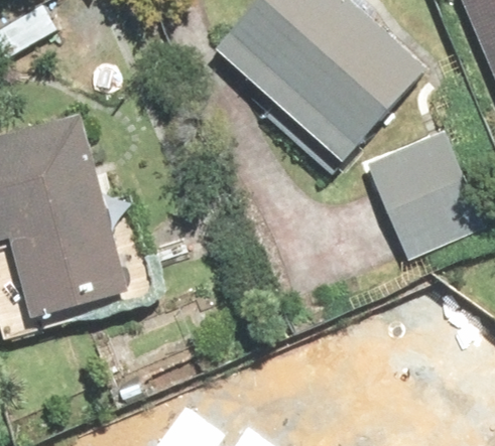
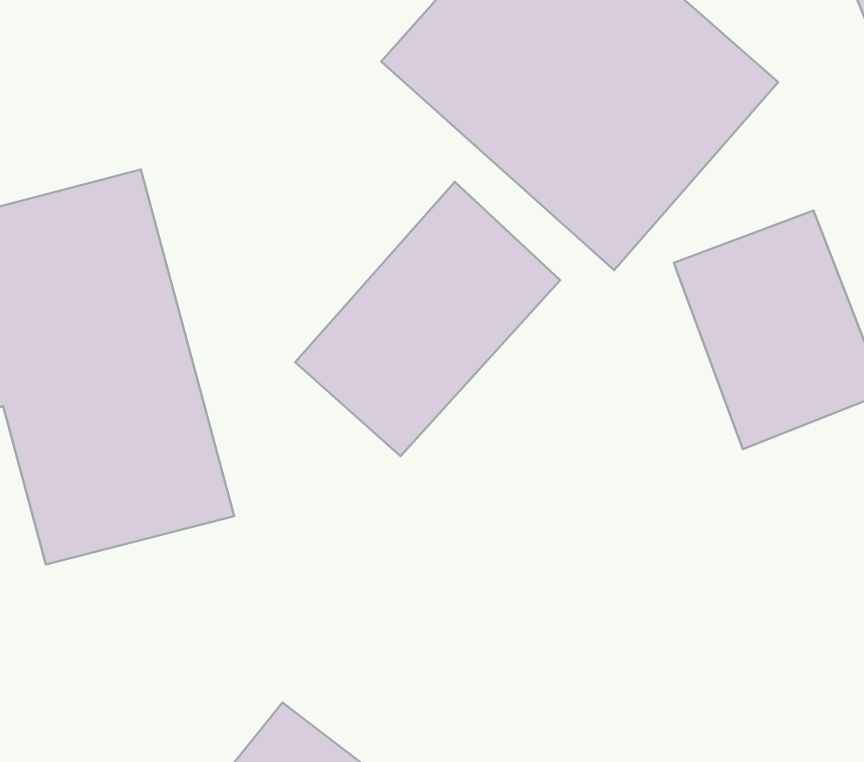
building: none -> [295,182,560,456]

